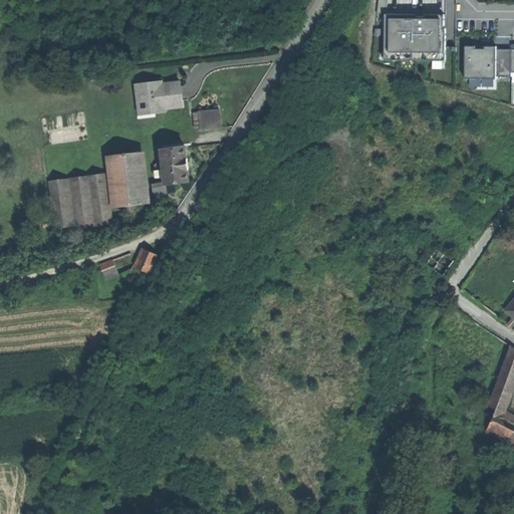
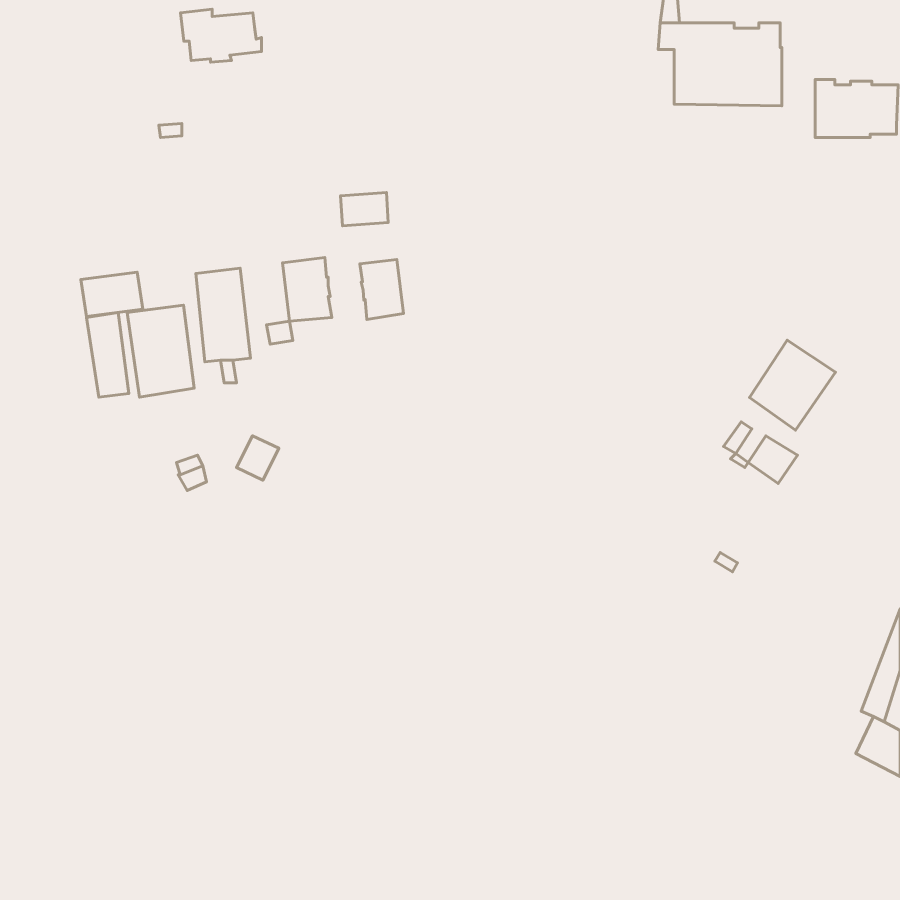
building: [137,81,183,111] -> [180,9,262,62]
building: none -> [360,260,403,319]
building: none -> [81,272,143,316]
building: none -> [750,340,835,430]

